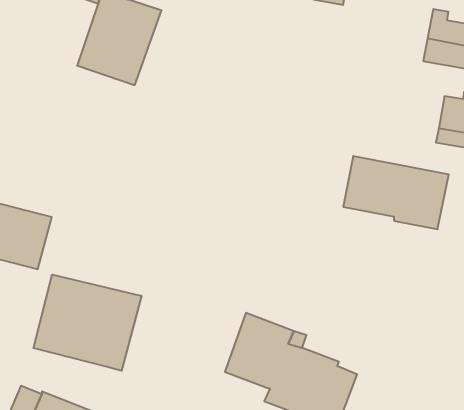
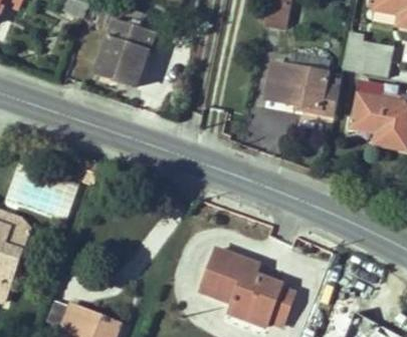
building: [343,156,449,229] -> [266,63,342,115]
building: [33,275,141,371] -> none

